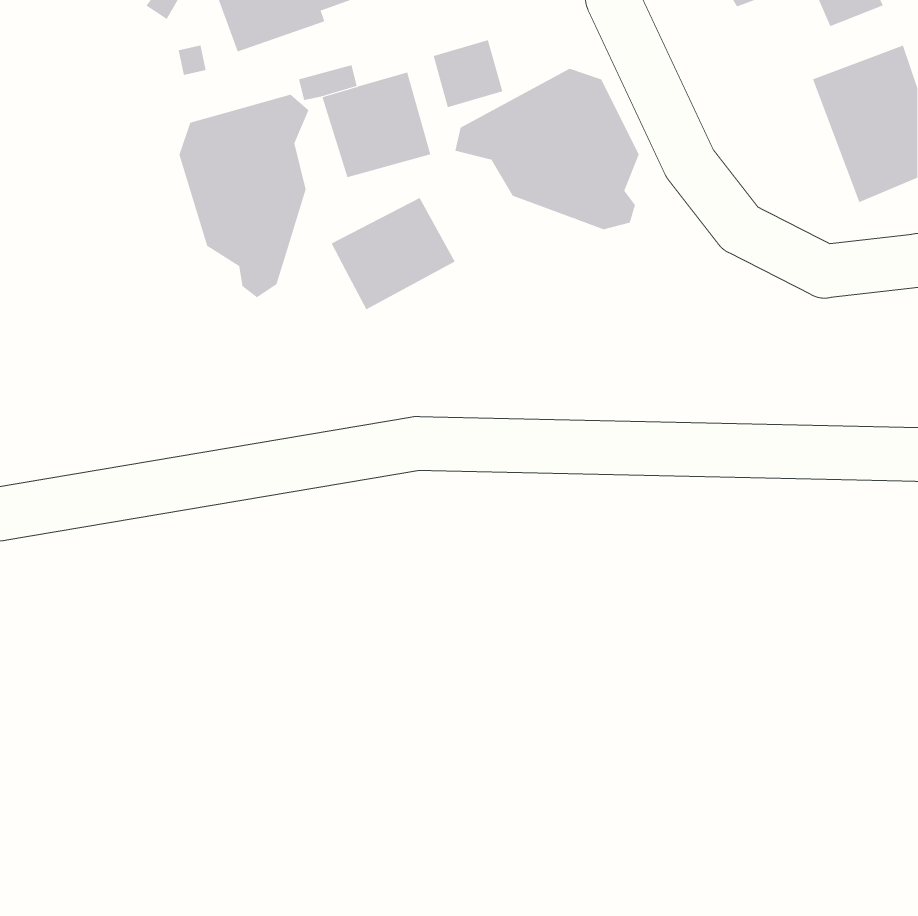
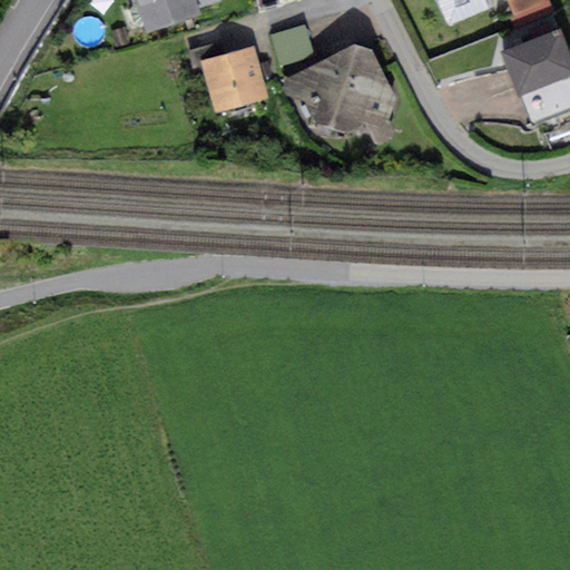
building: [179,94,309,298] -> none
building: [331,197,456,310] -> none

